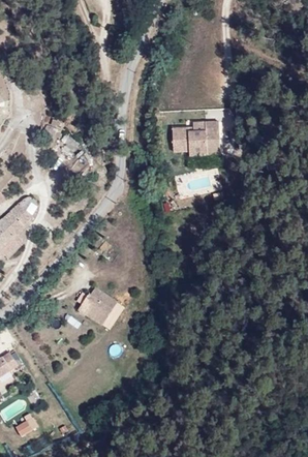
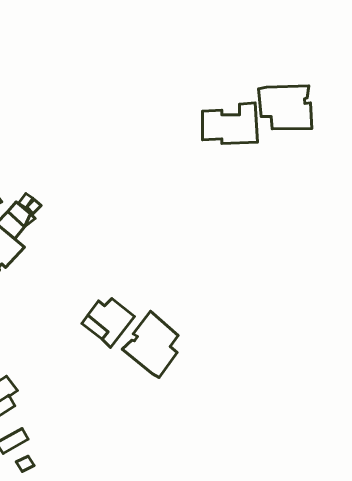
building: none -> [258,86,312,129]
building: none -> [122,311,178,378]

